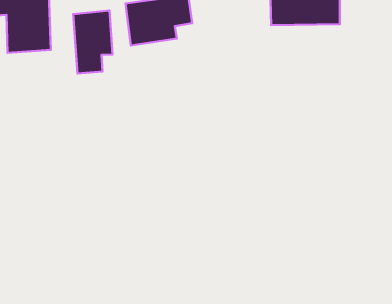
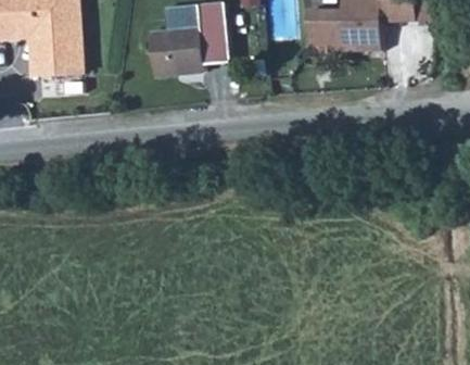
building: [73,10,112,73] -> none

